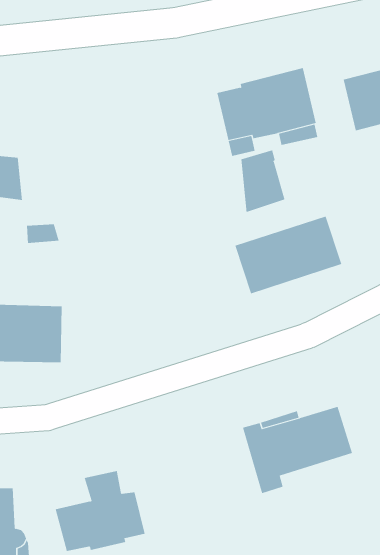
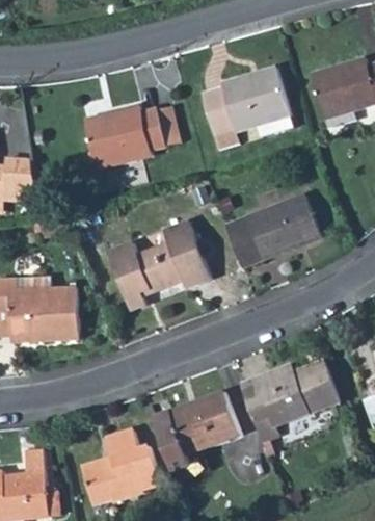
building: none -> [83,106,165,167]
building: [241,149,285,213] -> none
building: none -> [106,220,211,309]
building: none -> [155,391,241,471]

